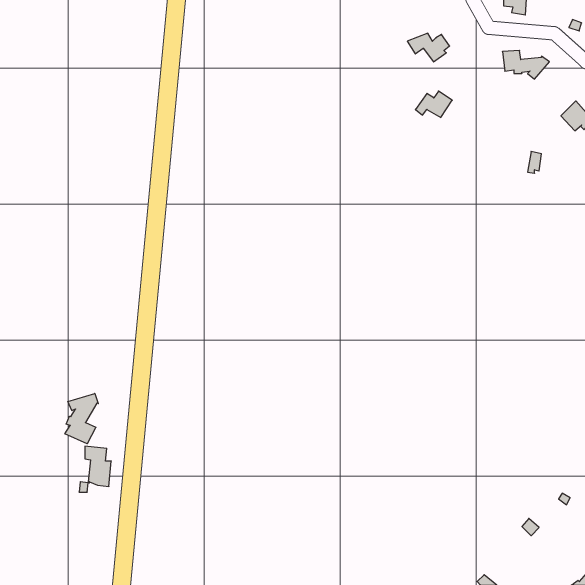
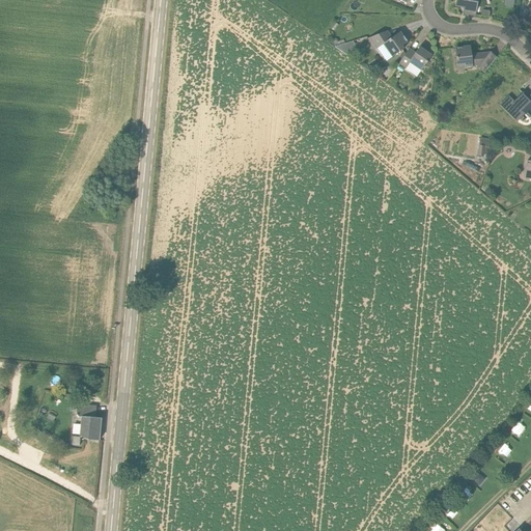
building: [415,91,452,117] -> [399,46,432,69]
building: [65,393,98,444] -> none

